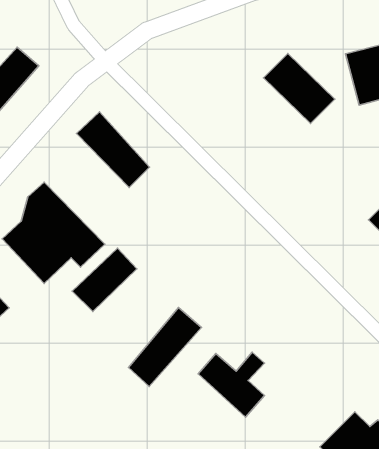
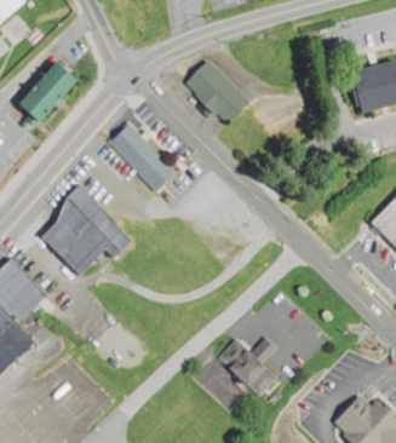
building: [263,53,335,124] -> [184,61,248,123]
building: [72,248,137,312] -> none
building: [129,308,202,386] -> none

